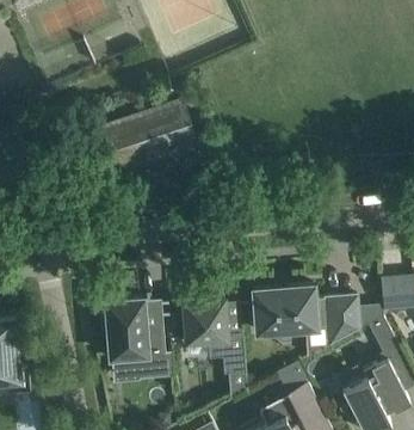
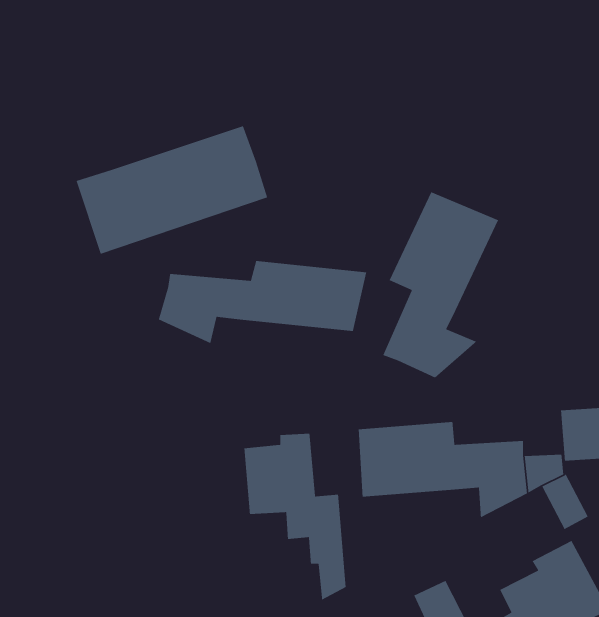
building: none -> [382,191,499,379]
building: none -> [158,260,367,344]
building: [100,297,173,379] -> none

